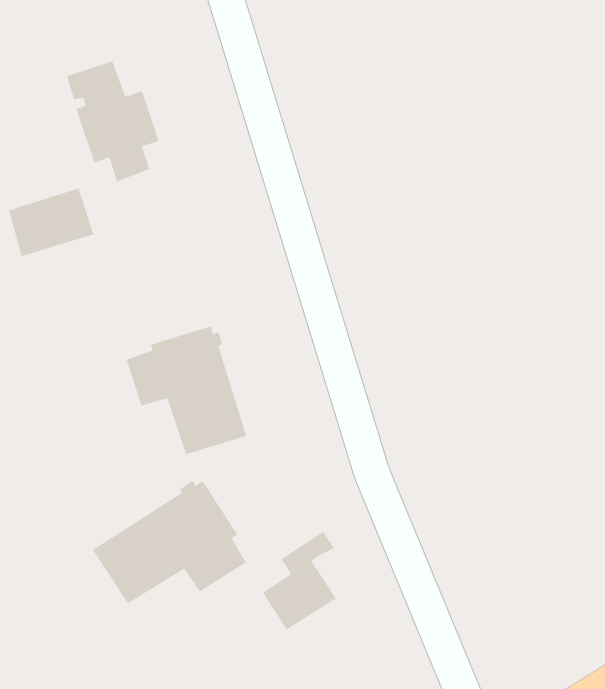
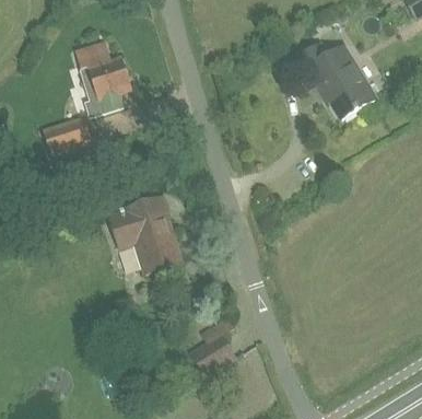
building: none -> [298,45,374,118]
building: [92,480,246,604] -> none

